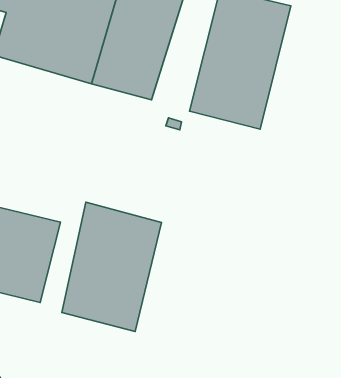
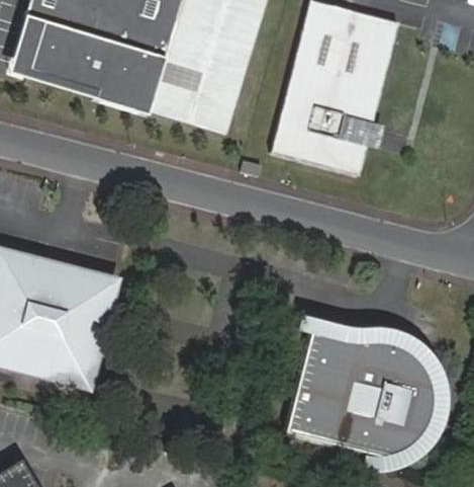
building: [62,202,161,331] -> none
building: none -> [285,330,439,460]

